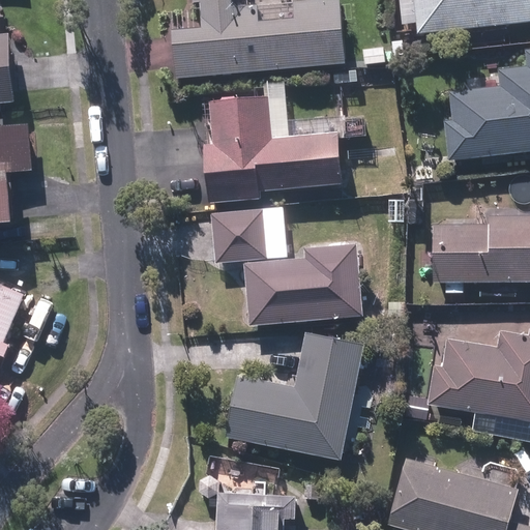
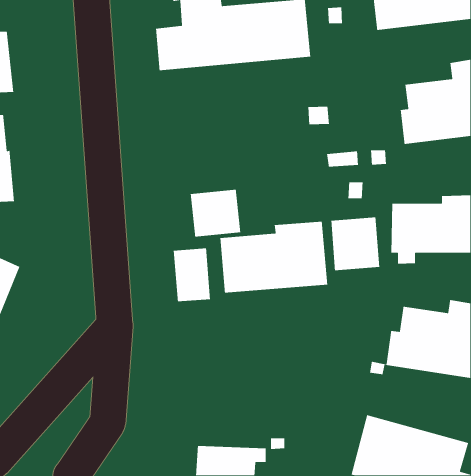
building: [206,98,341,203] -> none
building: none -> [330,217,380,271]
building: none -> [173,248,211,302]
building: [225,334,364,460] -> none

